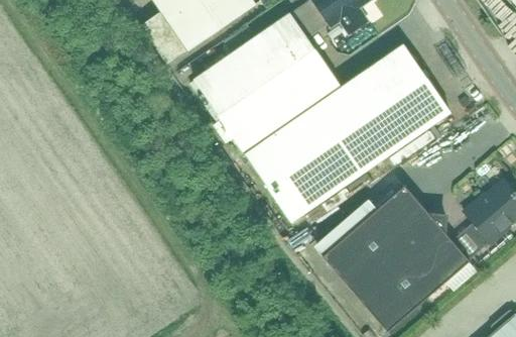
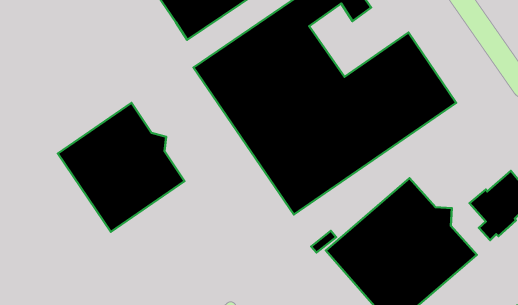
building: none -> [58,103,185,232]

